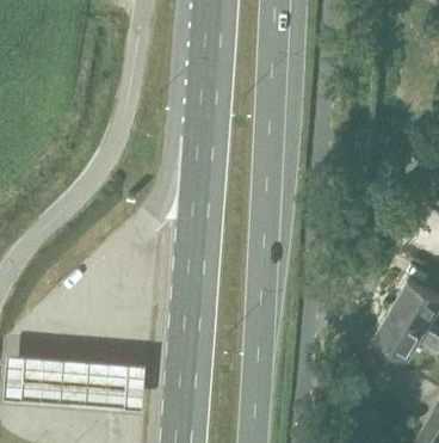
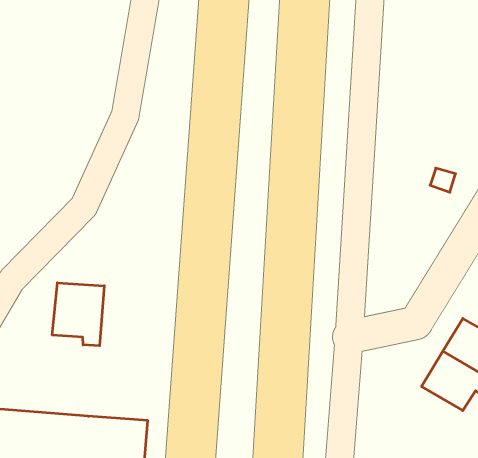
building: none -> [52,283,104,346]

